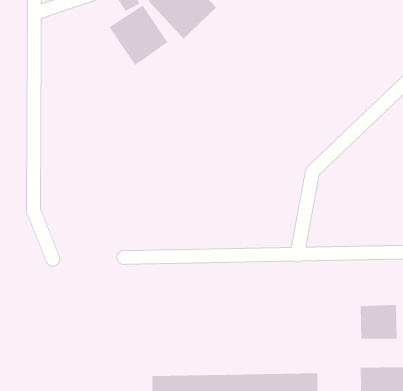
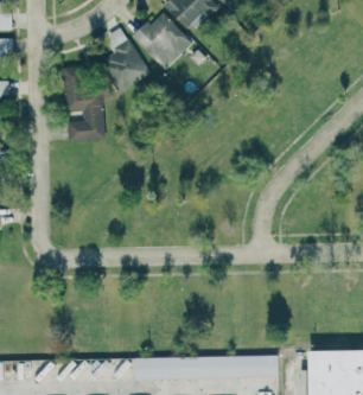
building: none -> [60,66,106,142]
building: [360,304,397,340] -> none

